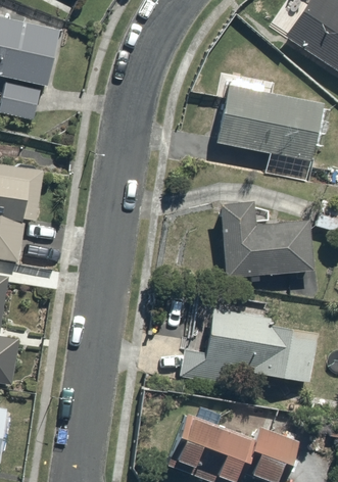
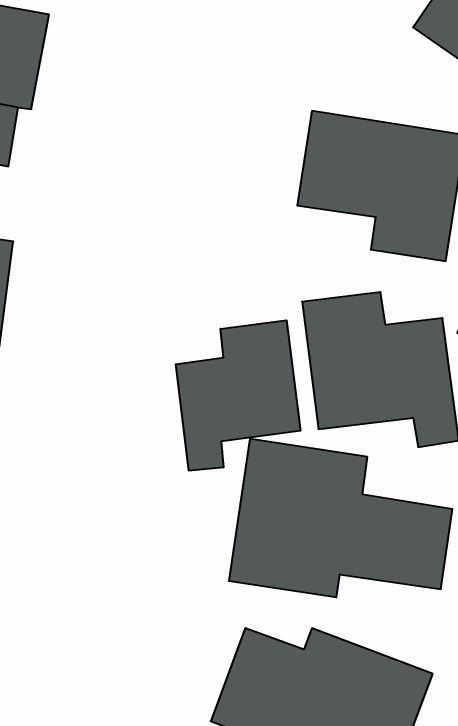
building: none -> [176,320,301,471]

